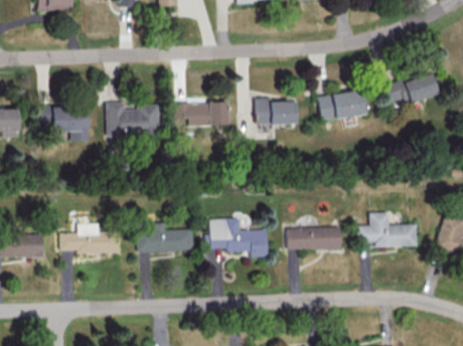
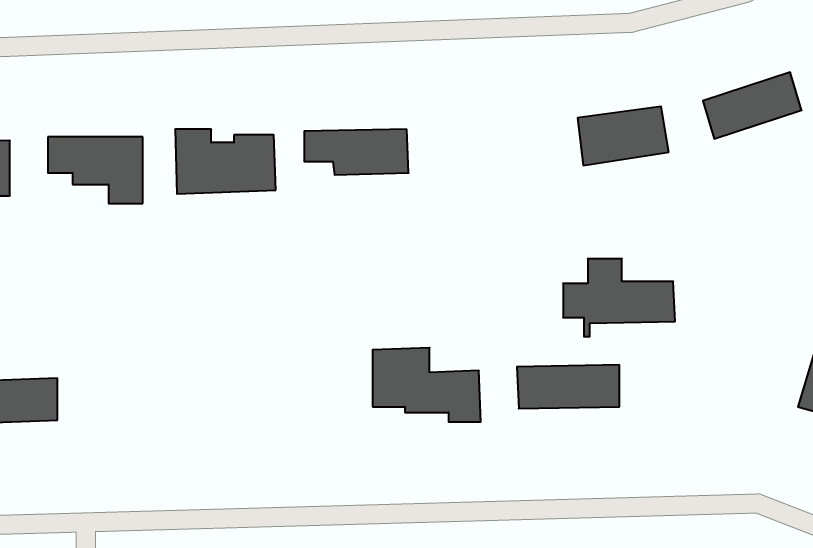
building: [256,98,299,124] -> none
building: [358,212,418,253] -> [563,259,675,337]
building: [138,222,193,251] -> none
building: [59,223,119,252] -> none

